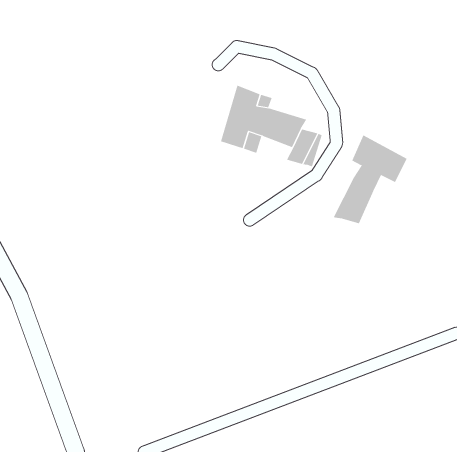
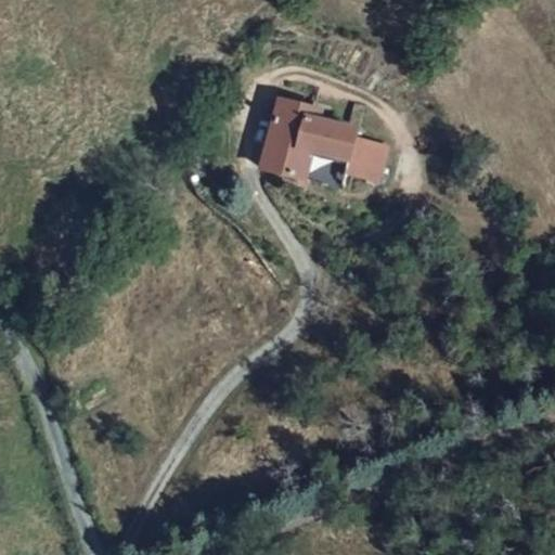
building: [333,134,407,224] -> none

